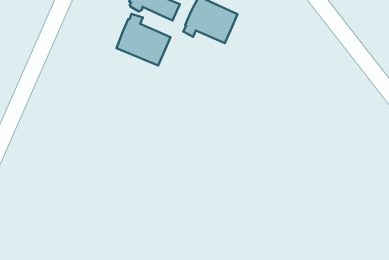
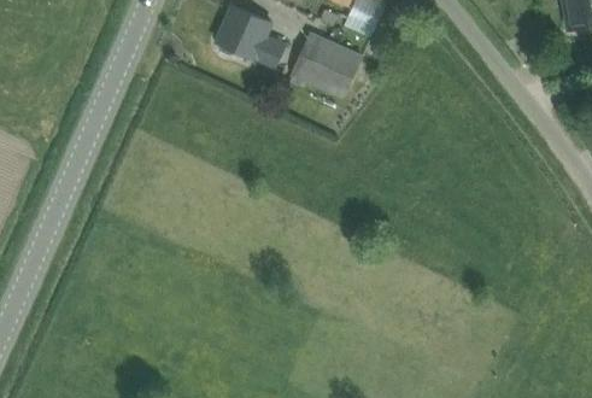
building: [116,14,171,65] -> none

